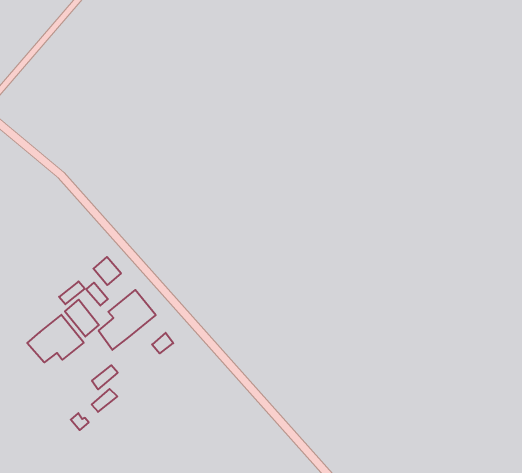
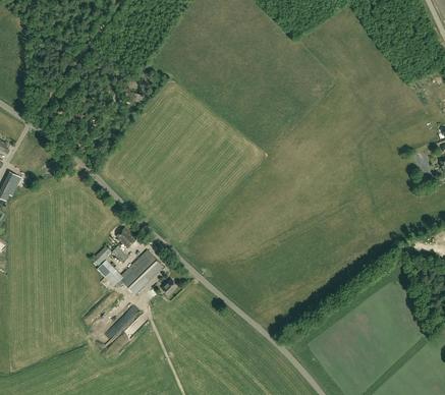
building: [27,315,84,362] -> none

